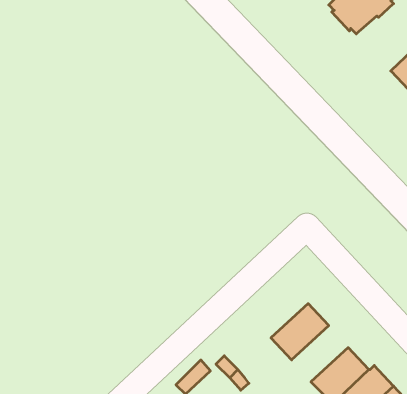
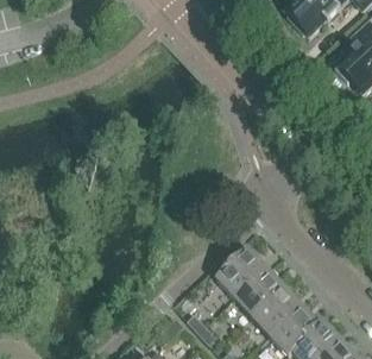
building: none -> [216,247,267,297]
building: none -> [253,286,302,335]

